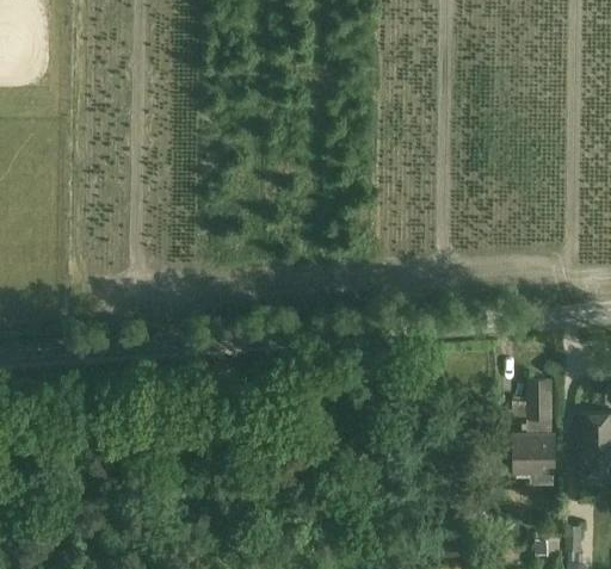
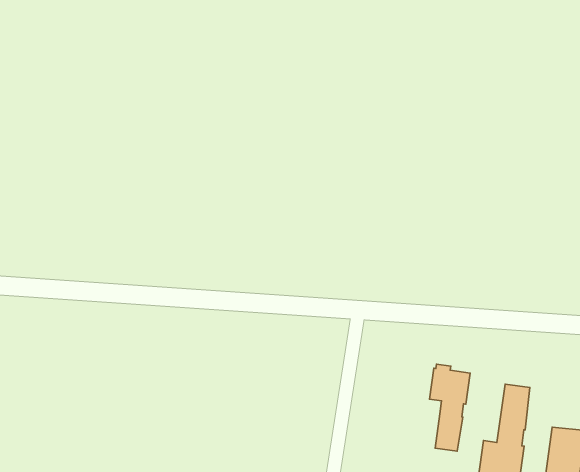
building: none -> [429,364,470,451]

